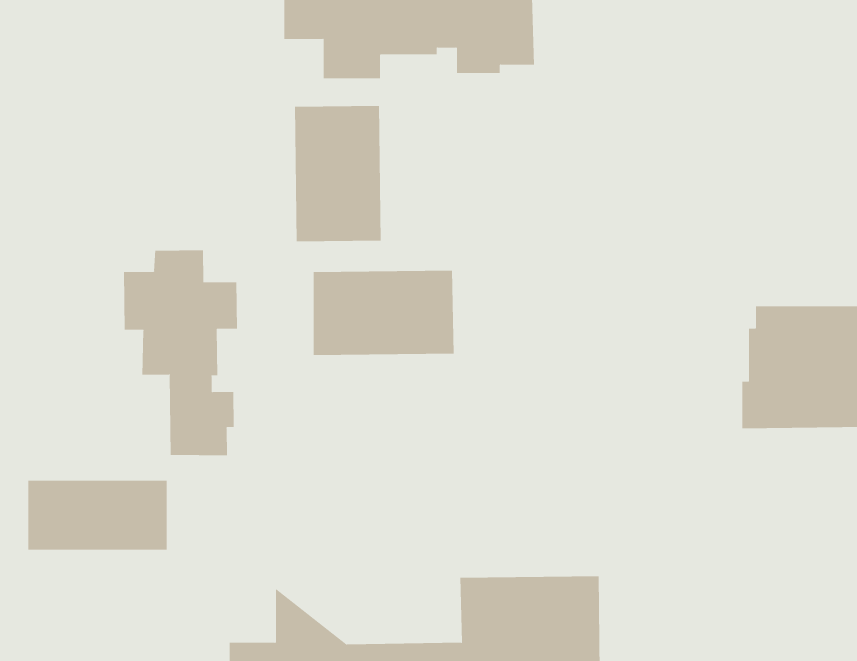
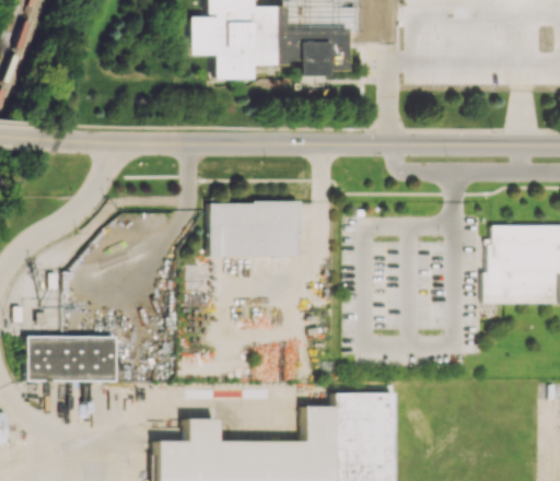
building: [294,105,381,242] -> none
building: [124,249,237,456] -> none

